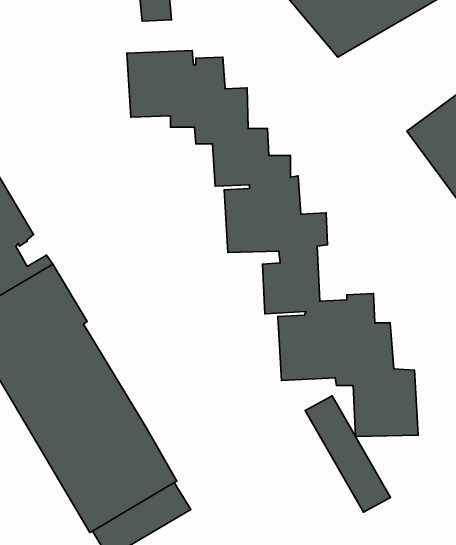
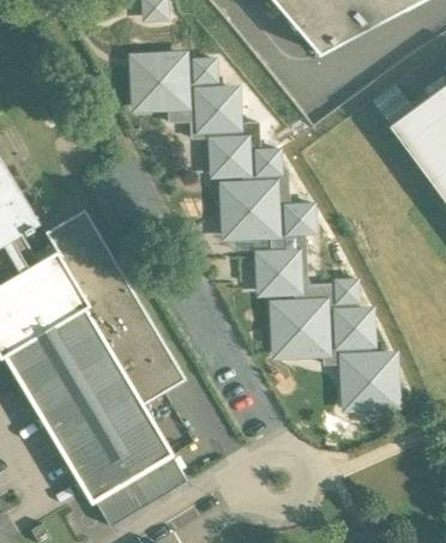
building: none -> [50,218,186,404]
building: [305,396,391,512] -> none

